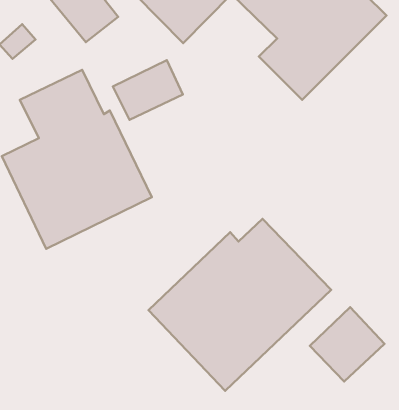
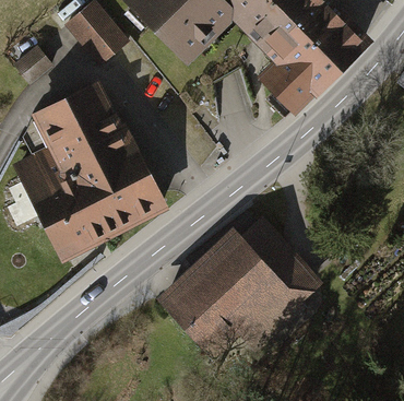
building: [113,60,183,120] -> none
building: [310,307,385,381] -> none

